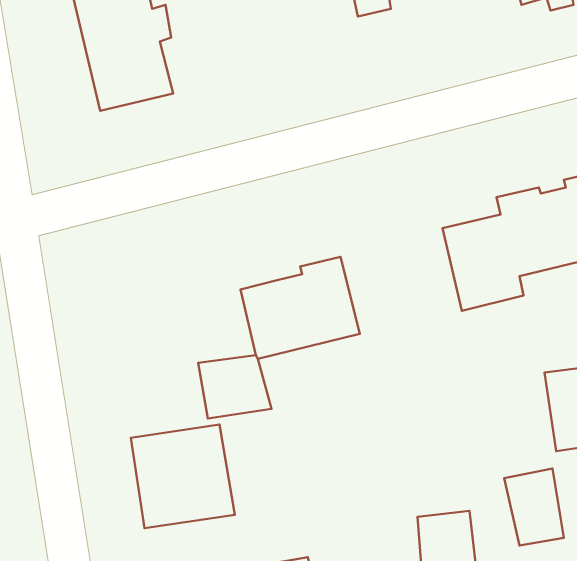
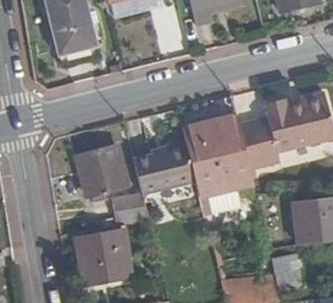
building: none -> [182,114,253,198]
building: none -> [76,146,126,197]

